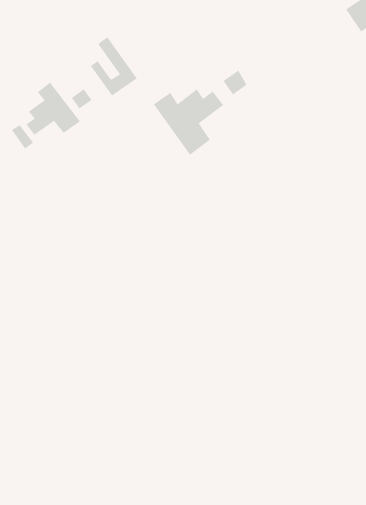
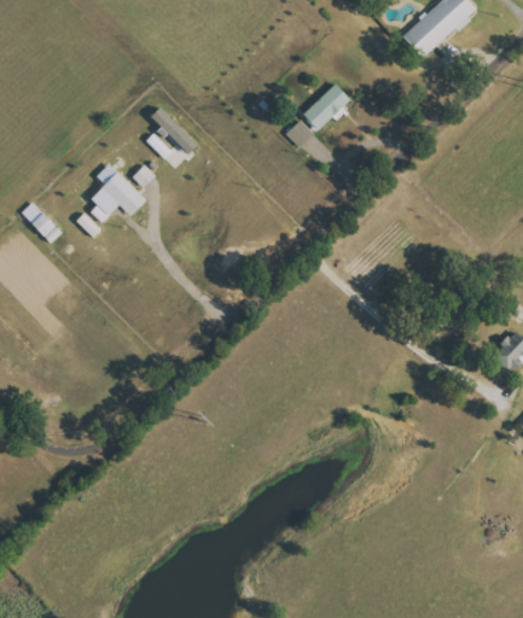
building: none -> [303,82,351,129]
building: [153,88,224,156] -> none

